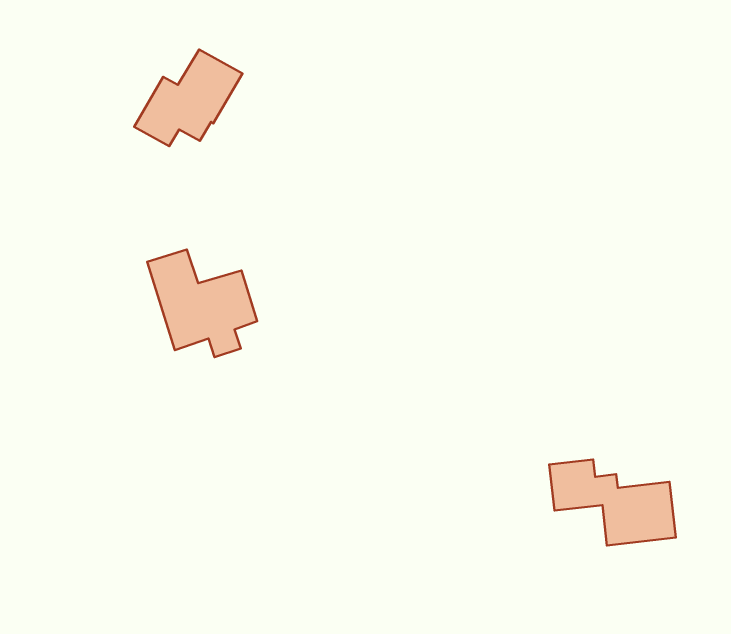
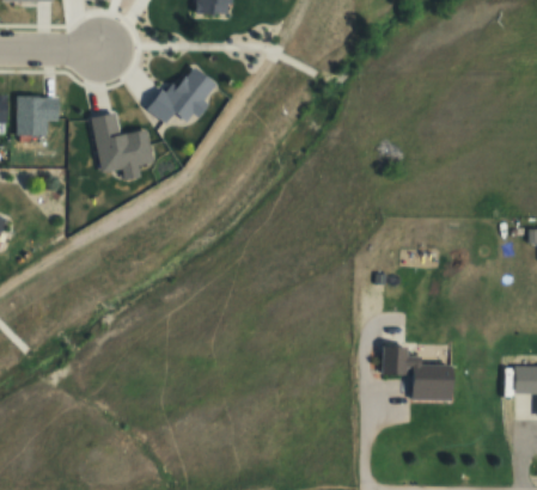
building: [147,250,257,357] -> [90,112,153,180]

